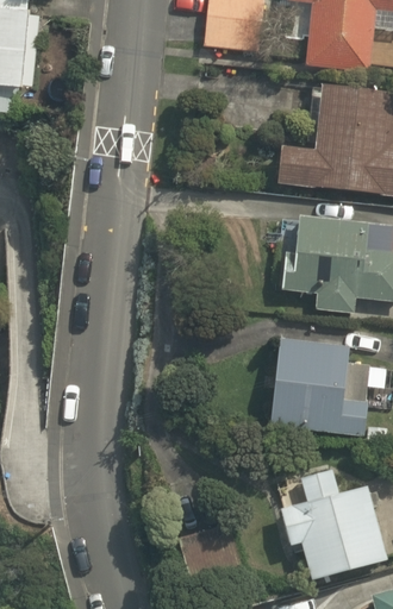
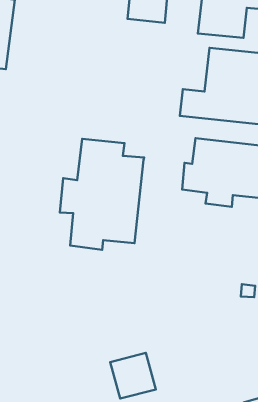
building: none -> [60,139,144,250]
building: [268,338,381,437] -> none
building: [280,469,385,579] -> none

